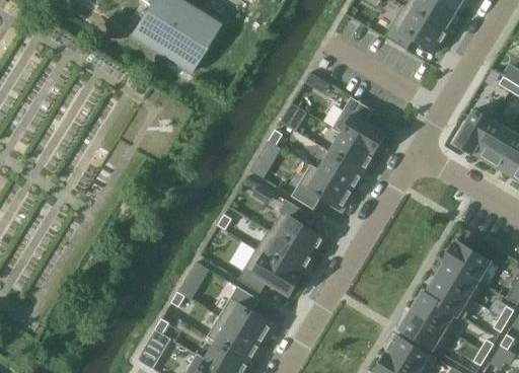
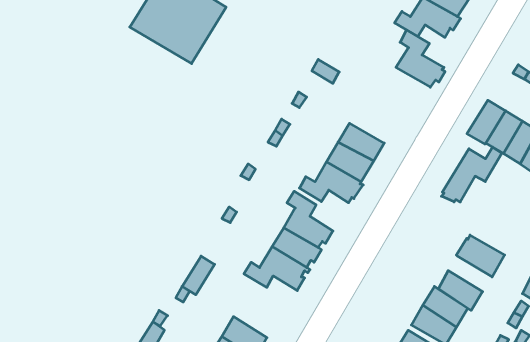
building: [341,96,388,152] -> [396,30,445,87]
building: none -> [441,147,502,202]
building: [436,262,478,296] -> none
building: [228,285,273,341] -> none

